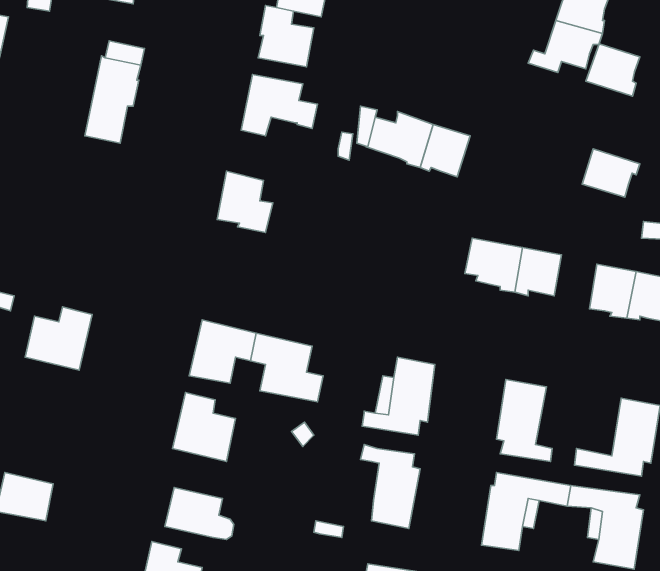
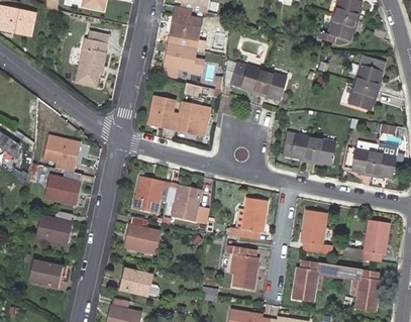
building: [586,44,640,96] -> [353,65,383,93]
building: none -> [176,103,210,136]
building: none -> [44,136,78,173]
building: none -> [37,211,73,244]

